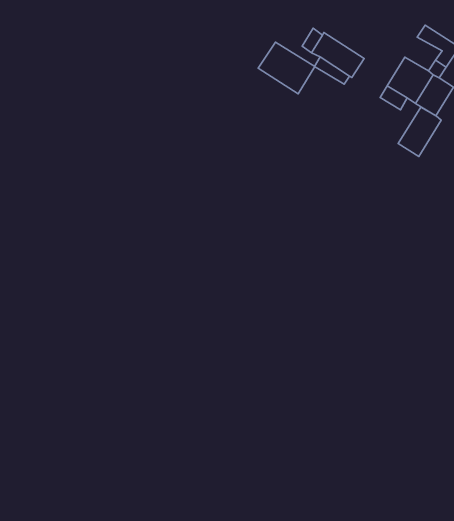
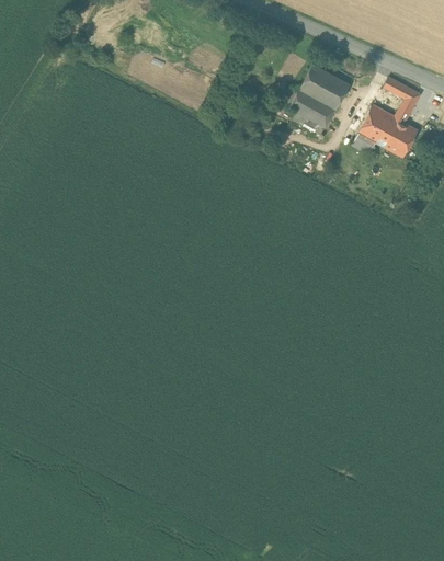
building: [258,42,315,94] -> [299,65,350,110]
building: [398,107,441,157] -> none

